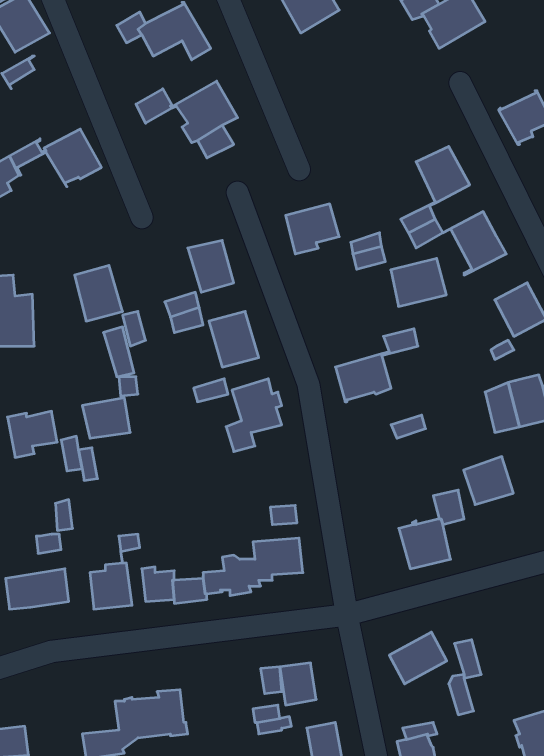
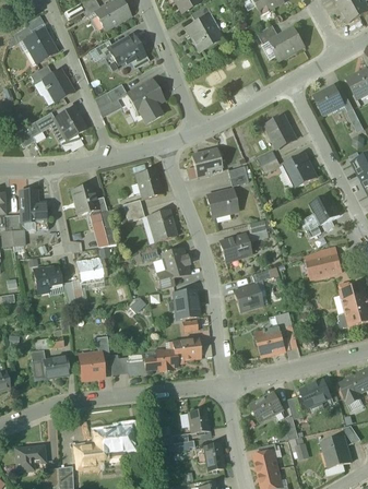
building: none -> [43,69,73,102]
building: [391,258,446,306] -> [206,189,238,216]
building: none -> [176,289,197,318]
building: [464,457,513,505] -> [234,284,262,311]
building: none -> [300,380,331,407]

